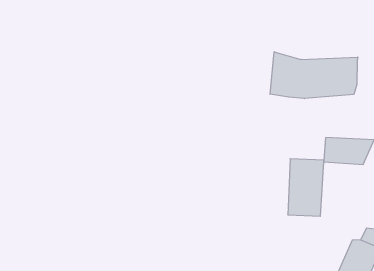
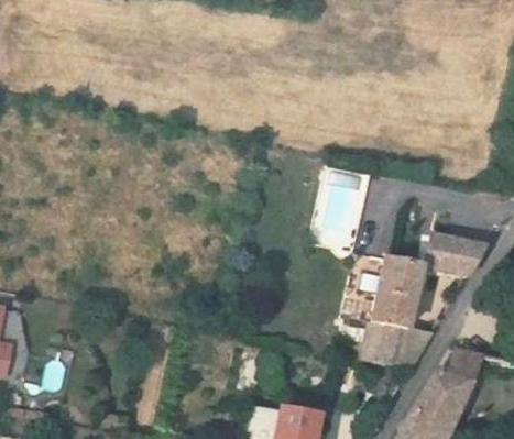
building: [270,52,358,99] -> none
building: none -> [367,321,431,361]

